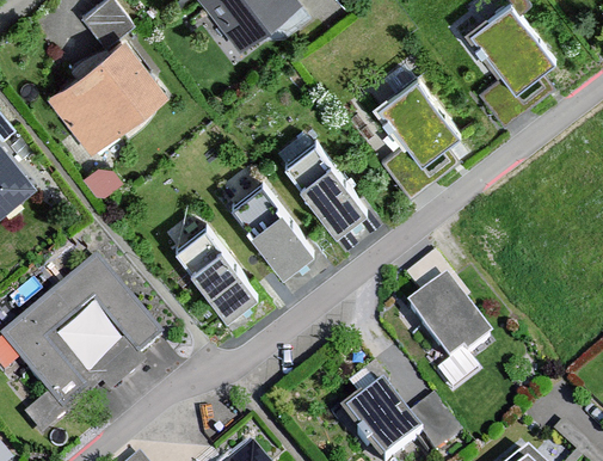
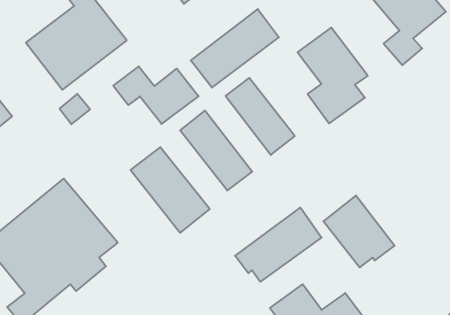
building: none -> [191,9,279,88]
building: none -> [113,66,199,124]
building: none -> [235,208,322,282]

